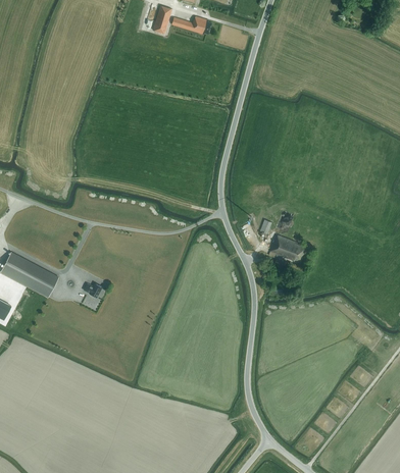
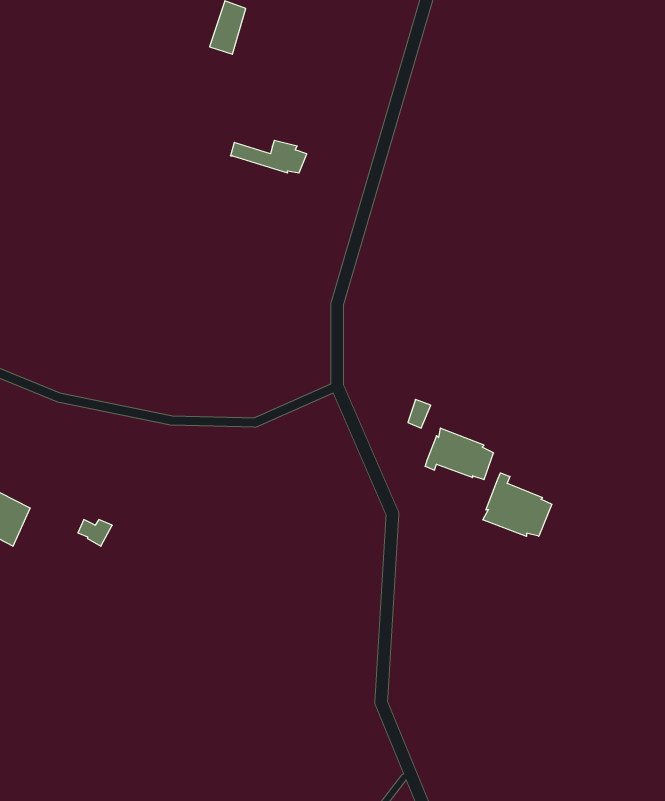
building: [170,16,211,34] -> [230,140,307,173]
building: none -> [483,473,552,536]

